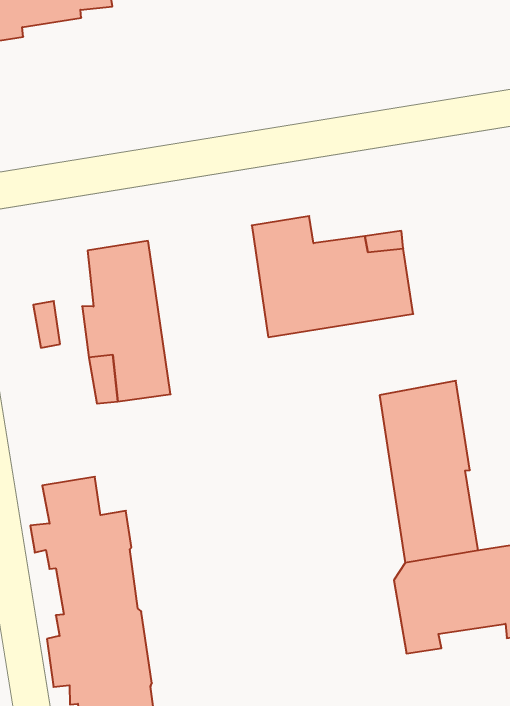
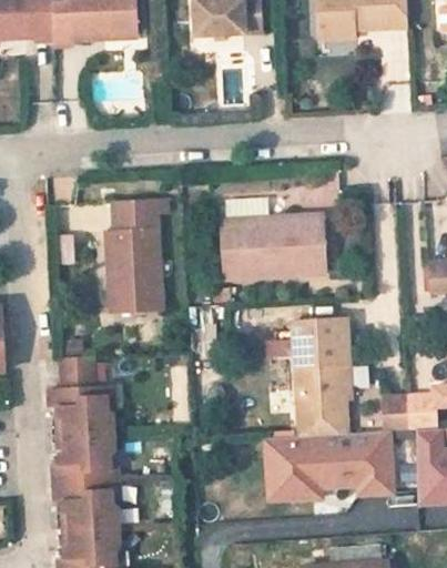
building: none -> [271,438,299,501]

